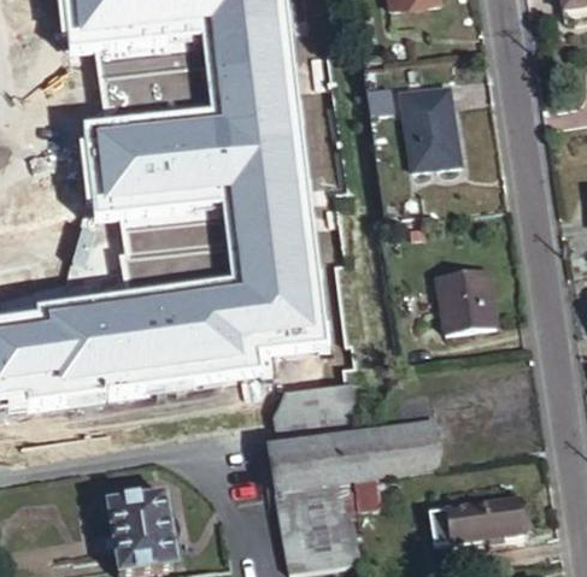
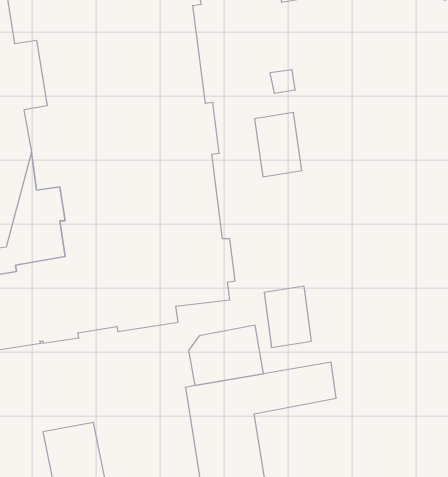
building: [400,93,454,166] -> [255,112,302,177]
building: [442,259,497,329] -> [264,286,311,347]
building: [424,495,521,547] -> none

